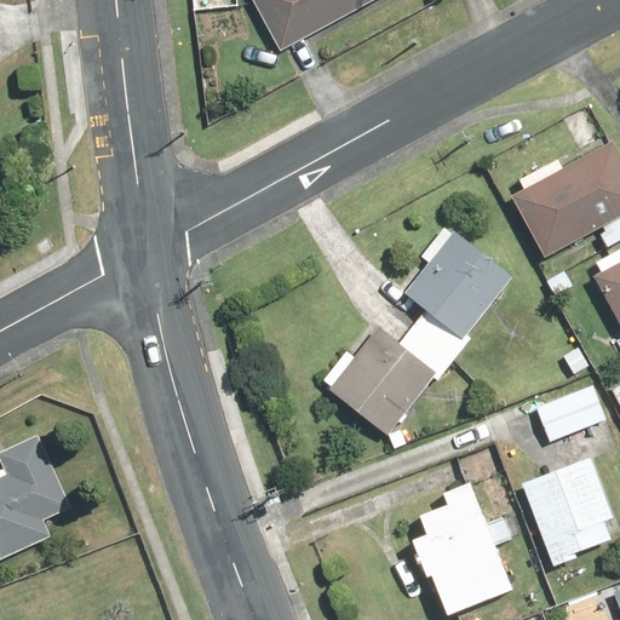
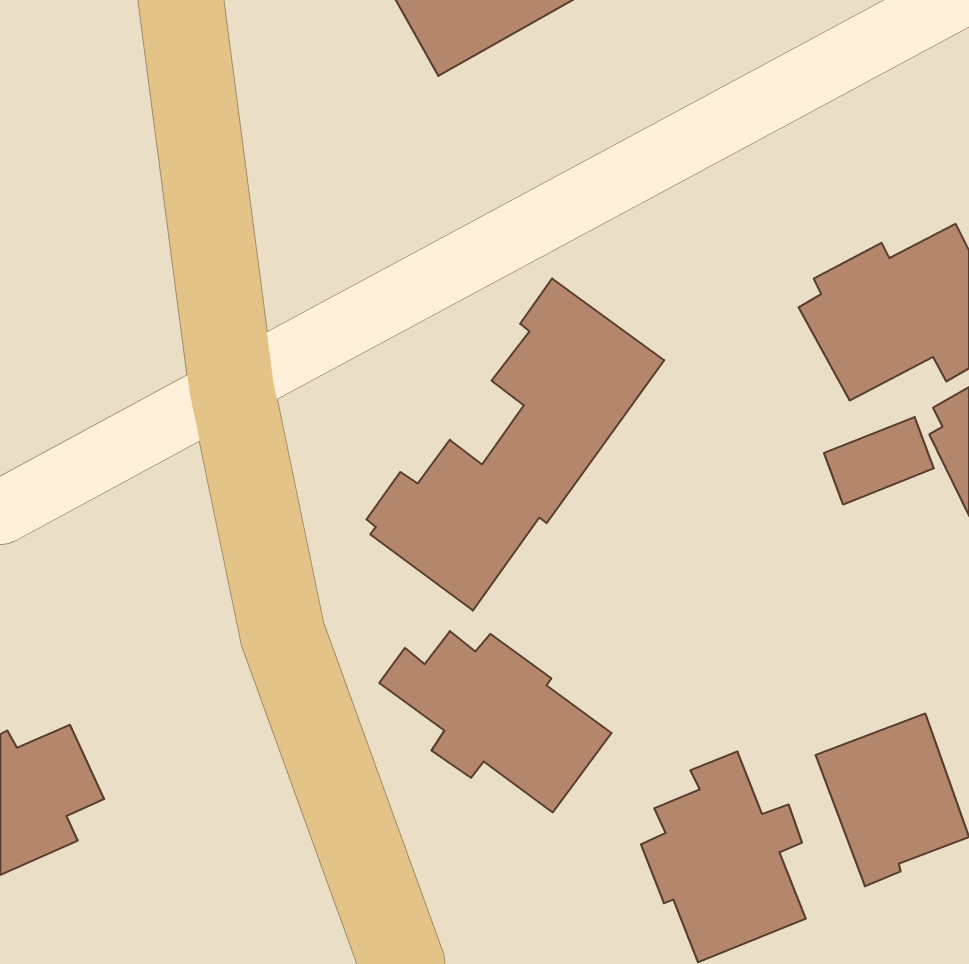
building: [323,225,513,437] -> [366,278,664,611]
building: [535,383,605,438] -> [824,417,934,504]
building: none -> [379,631,612,812]

